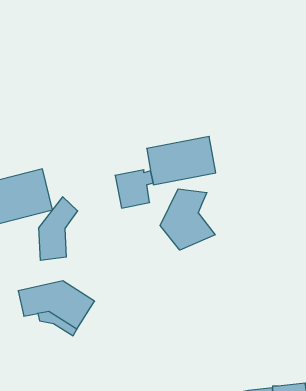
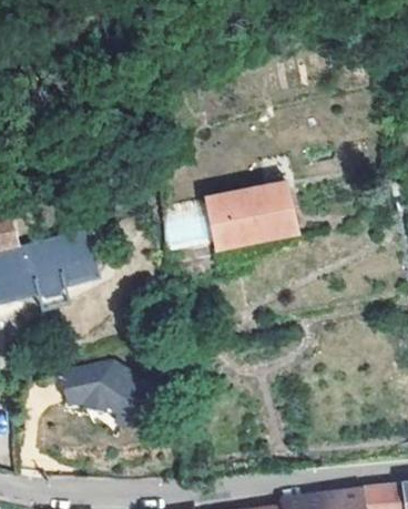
building: [160,189,215,250] -> none
building: [39,197,78,260] -> none

